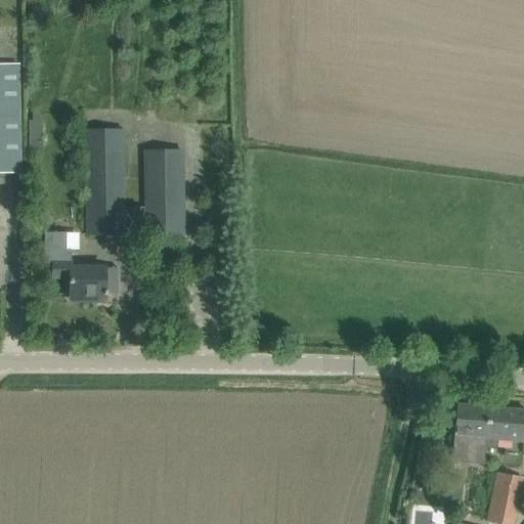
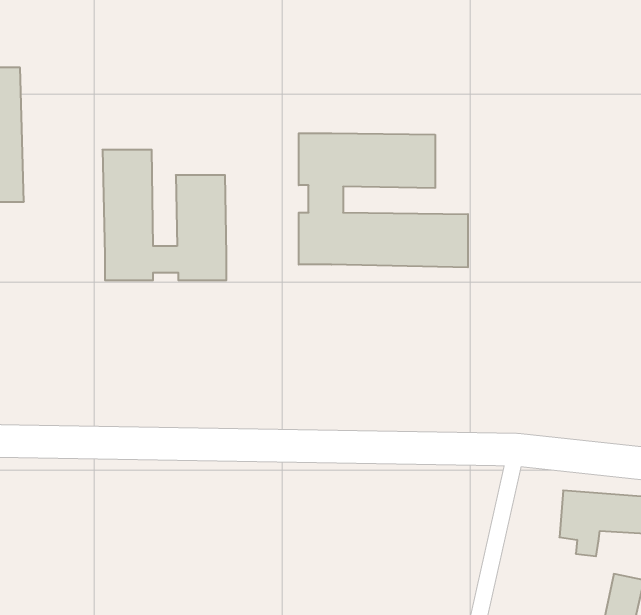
building: none -> [299,133,468,267]
building: [44,232,118,301] -> none

